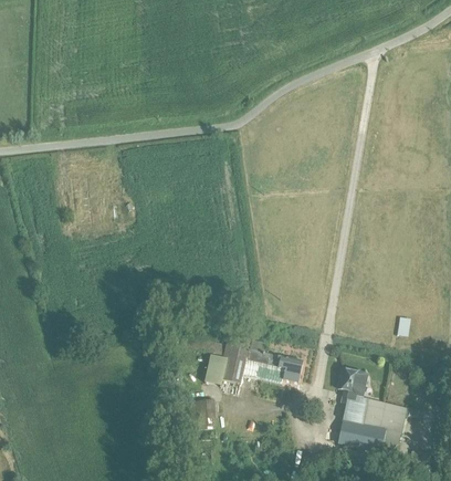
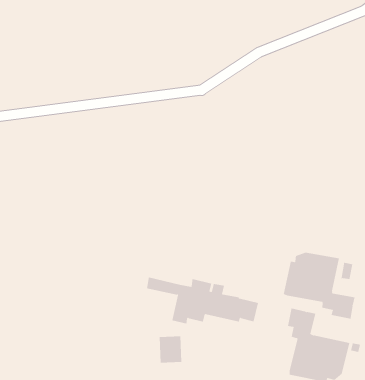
building: none -> [283,252,355,320]

